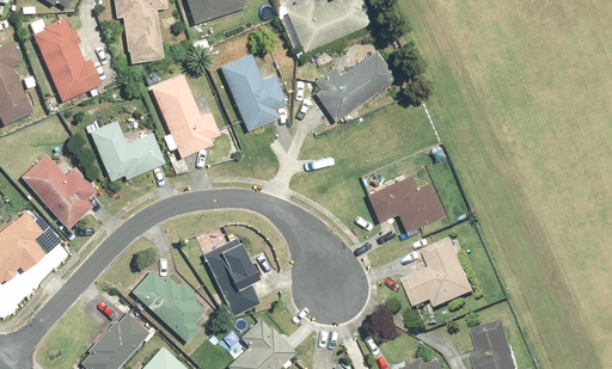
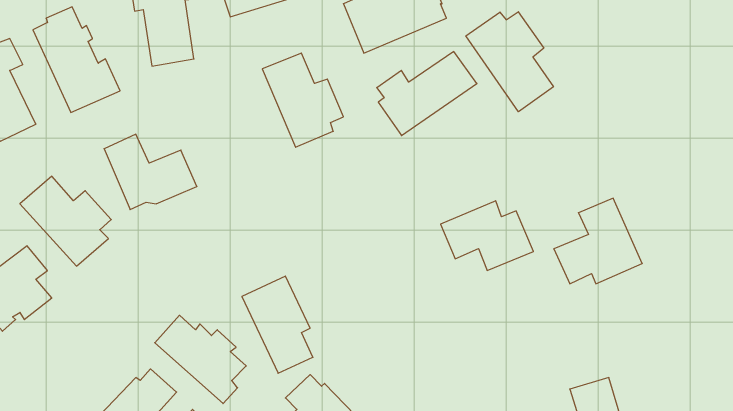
building: none -> [466,12,553,112]
building: [151,74,219,158] -> none
building: [404,238,477,308] -> [554,198,642,284]

